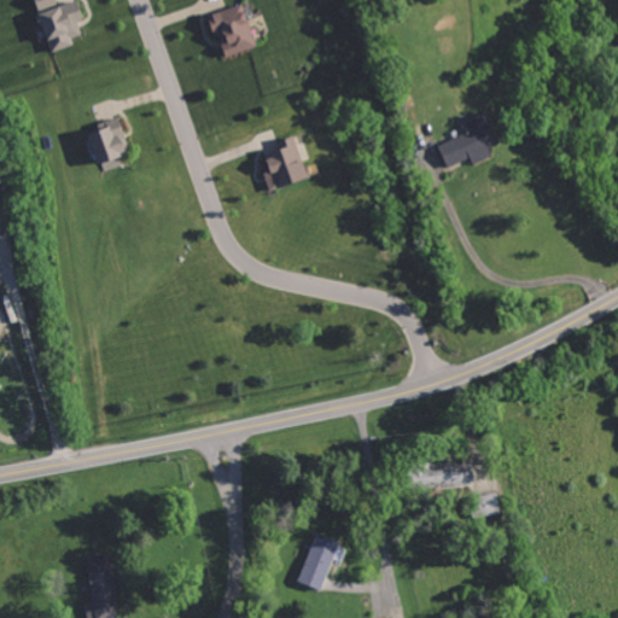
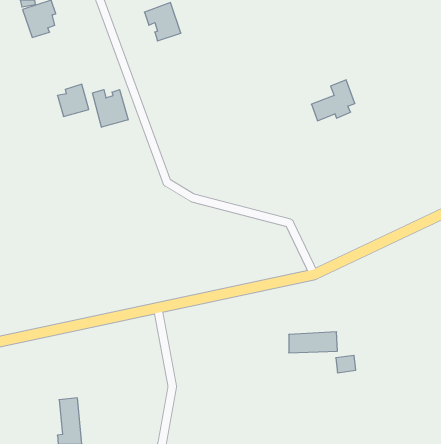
building: none -> [93,90,128,127]
building: [263,136,305,190] -> none
building: [297,534,339,591] -> none

